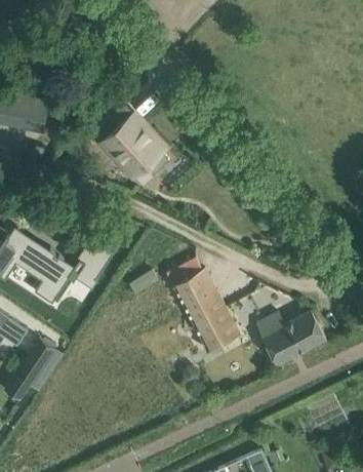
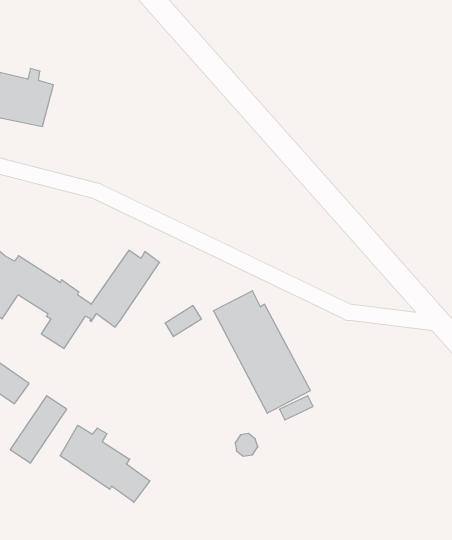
building: [93,115,165,179] -> none
building: [259,311,326,365] -> none
building: none -> [60,425,150,502]

